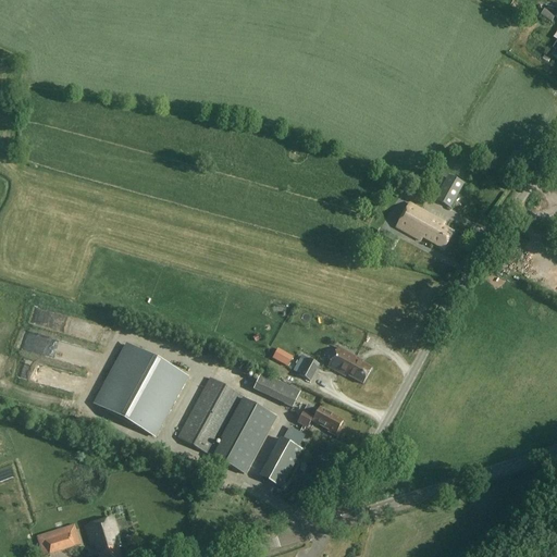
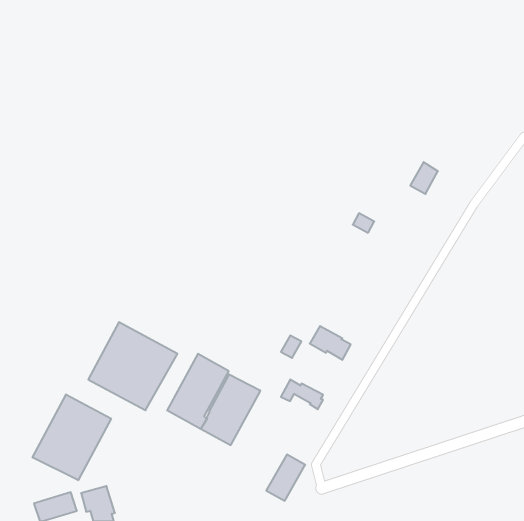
building: [397,201,454,247] -> none
building: [253,372,300,407] -> none
building: none -> [33,394,111,480]
building: [261,437,302,486] -> [266,455,305,501]

